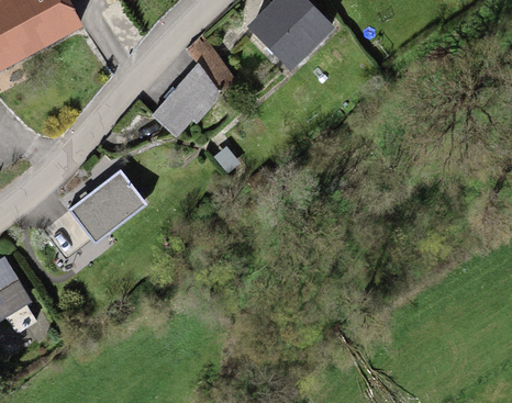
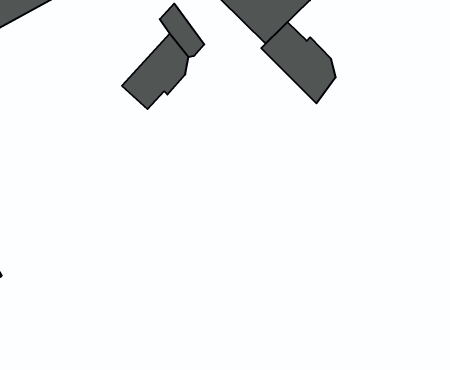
building: none -> [261,22,336,103]
building: [67,168,147,244] -> none

